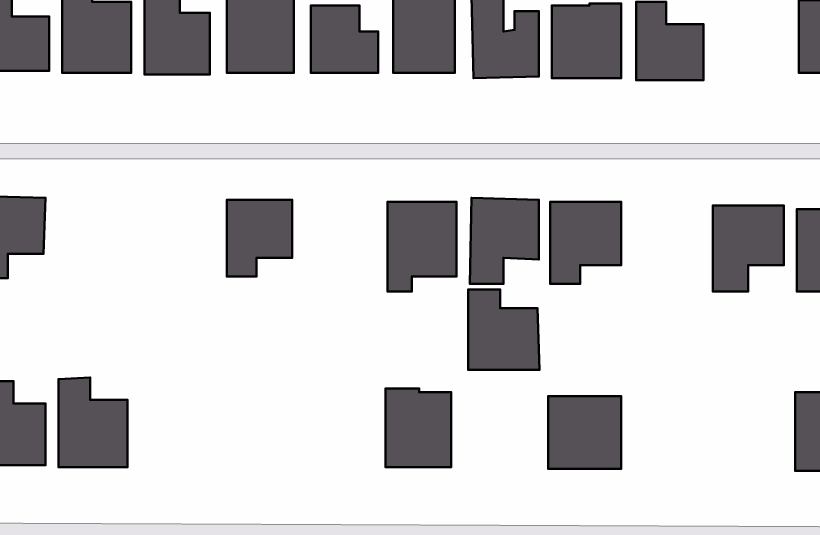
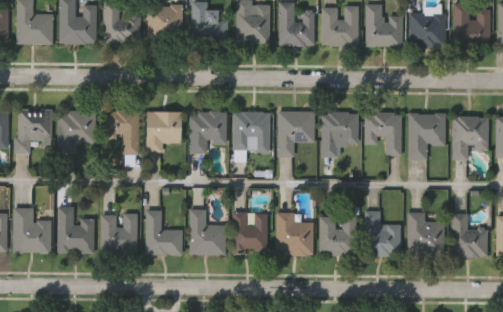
building: none -> [410,13,445,47]
building: none -> [61,110,94,150]
building: none -> [112,110,138,154]
building: none -> [190,111,226,154]
building: none -> [364,113,401,156]
building: [468,289,539,370] -> [276,212,314,255]
building: none -> [146,210,182,253]
building: none -> [190,210,226,254]
building: none -> [365,211,401,256]
building: none -> [407,212,442,250]
building: none -> [100,213,137,254]

